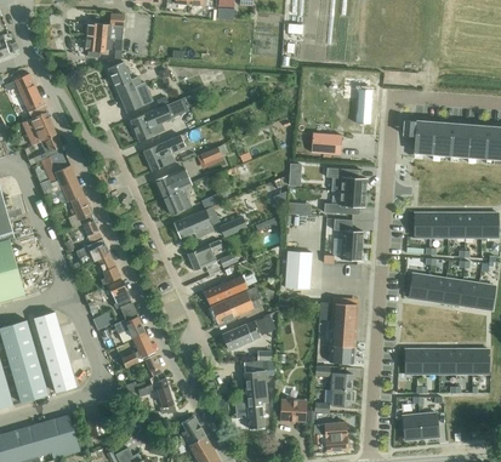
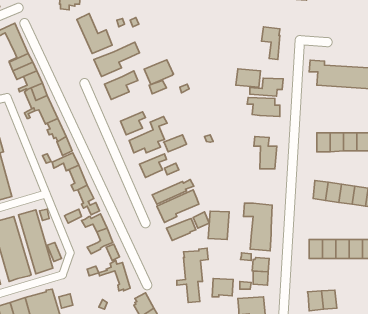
building: [155,167,193,199] -> [144,60,174,85]
building: [324,192,366,215] -> [250,78,283,96]
building: [284,250,311,286] -> [208,211,229,240]

